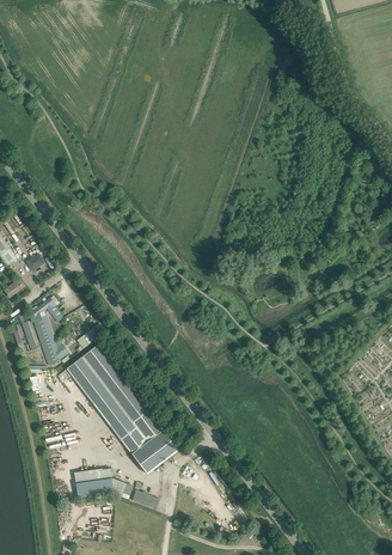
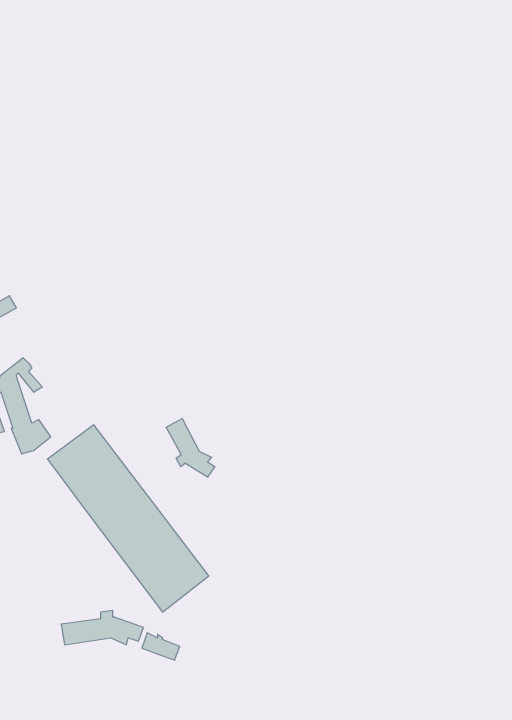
building: none -> [166,418,215,477]

